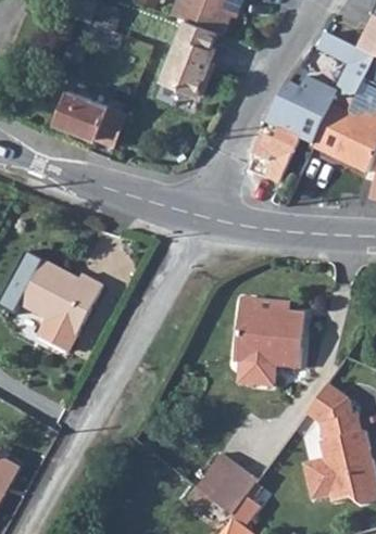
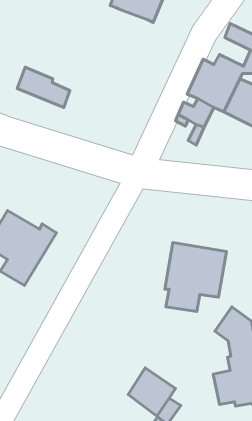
building: [160,20,216,96] -> none

